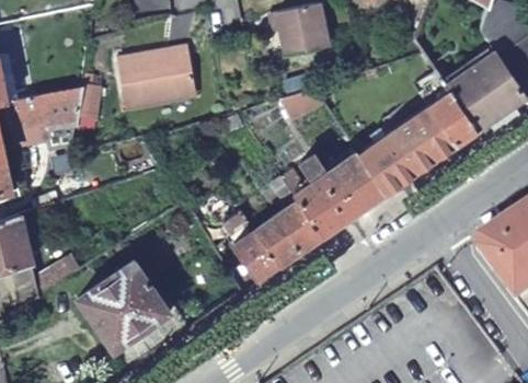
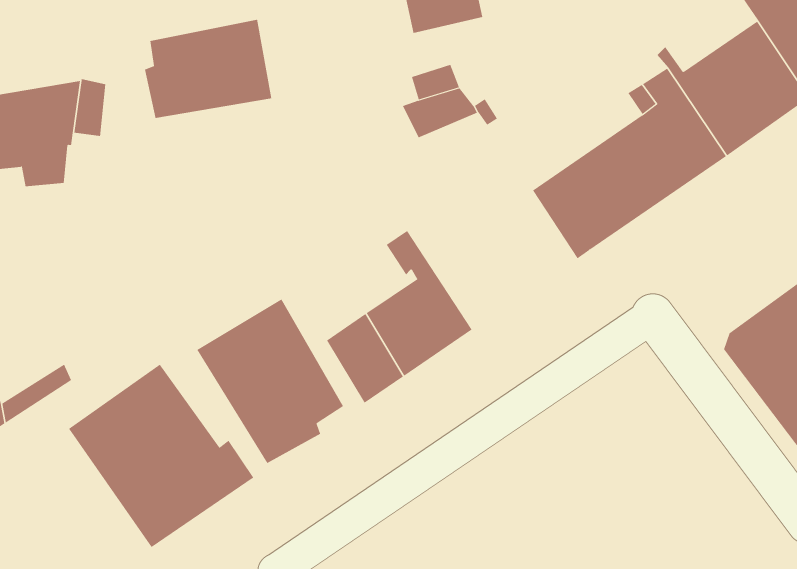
building: [284,152,387,236] -> none
building: none -> [196,298,344,464]

